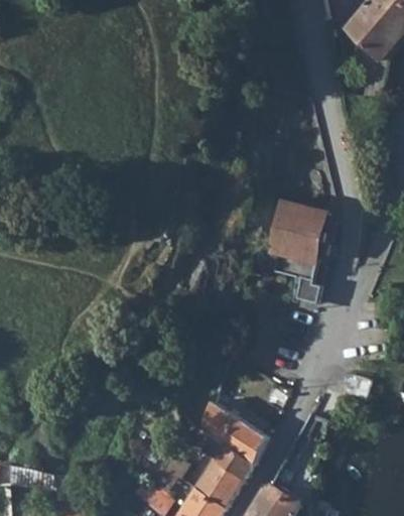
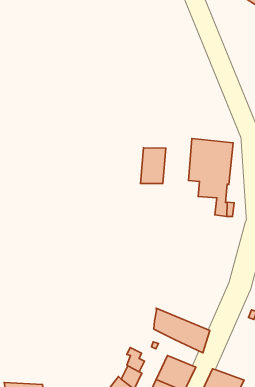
building: none -> [141,148,166,184]
building: [211,443,254,481] -> none

